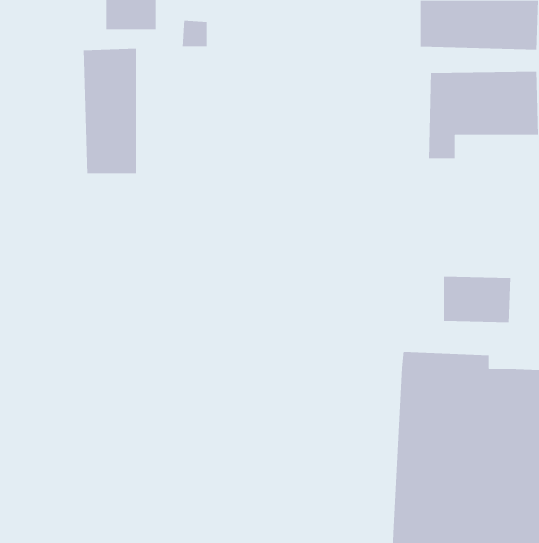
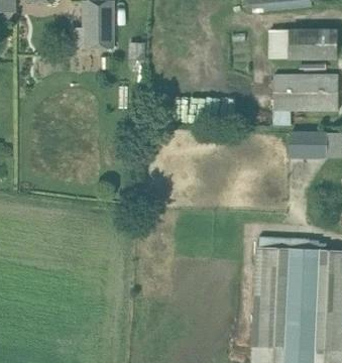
building: [83,48,137,174] -> none
building: [443,276,511,323] -> [291,131,331,159]

